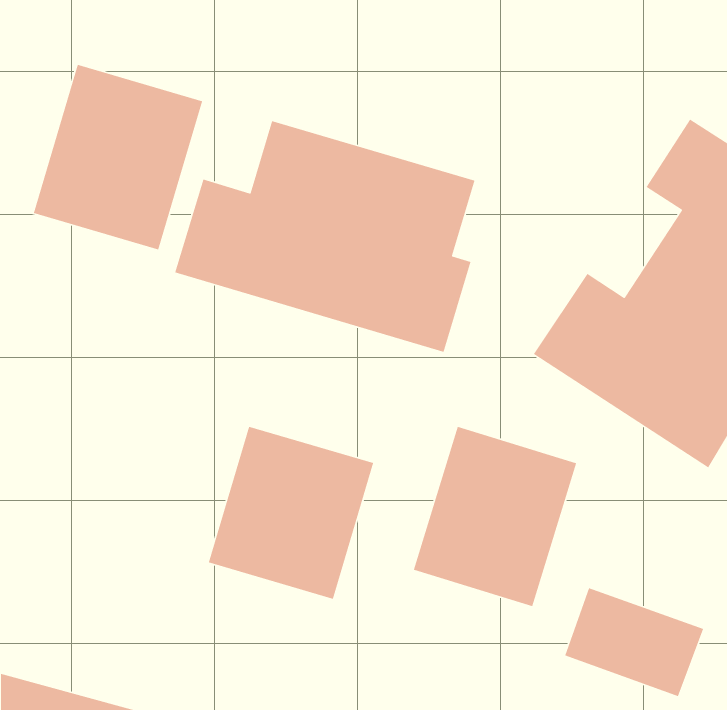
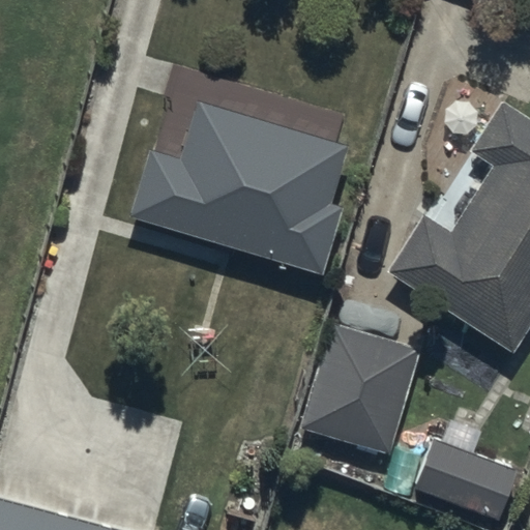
building: [33,64,203,250] -> none
building: [208,426,374,600] -> none

